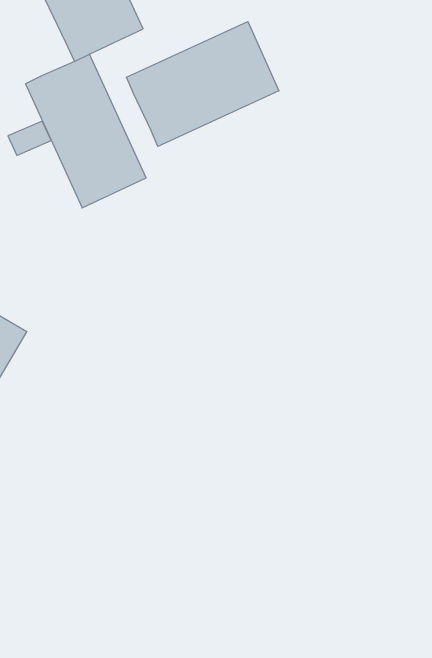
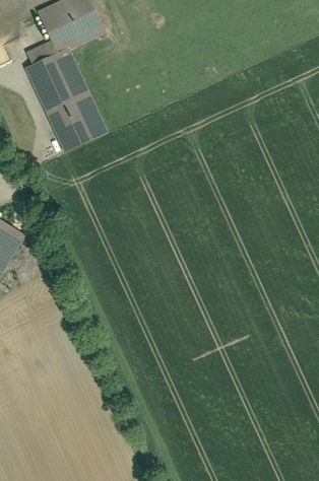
building: [127,22,279,146] -> none
building: [8,121,51,155] -> [27,39,57,62]

